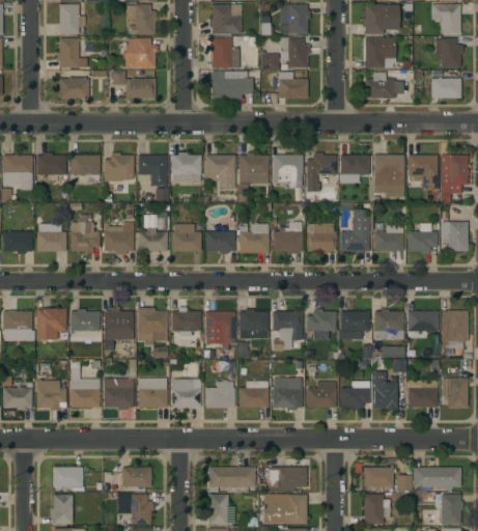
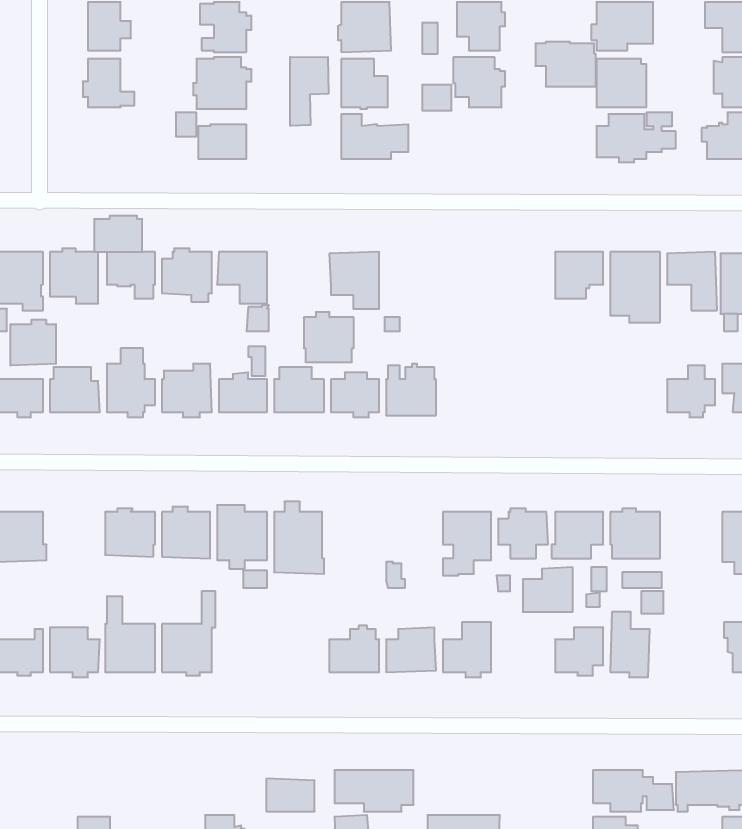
building: none -> [290,57,329,126]
building: [272,72,308,99] -> [535,42,596,87]
building: [59,77,88,99] -> [94,216,142,252]
building: [171,152,201,183] -> [304,312,354,362]
building: [238,152,269,184] -> none
building: [306,152,336,192] -> none
building: [273,155,302,189] -> none
building: none -> [11,320,56,366]
building: [340,209,369,254] -> none
building: [273,222,302,254] -> none
building: [306,224,336,252] -> none
building: [373,225,403,251] -> none
building: [36,308,66,340] -> none
building: [238,309,268,337] -> none
building: [204,311,234,347] -> none
building: [407,311,437,338] -> none
building: [137,378,167,408] -> none
building: [171,379,200,408] -> none
building: [407,380,437,408] -> none
building: [306,381,336,408] -> [523,567,573,612]
building: [53,467,84,492] -> none
building: [121,467,150,486] -> [266,779,315,811]
building: [269,467,306,492] -> none

